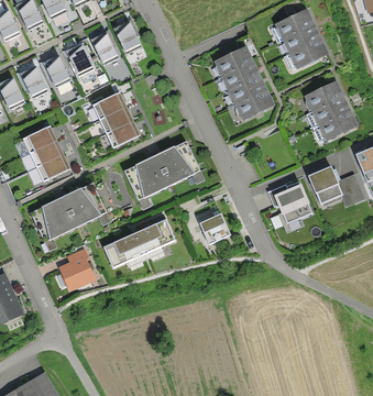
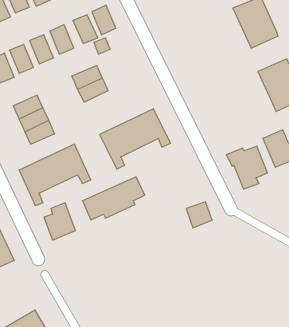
building: [215,47,273,122] -> none
building: [105,119,139,146] -> none
building: [199,213,229,243] -> [186,202,212,228]

